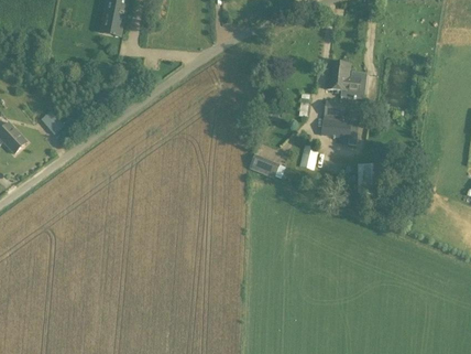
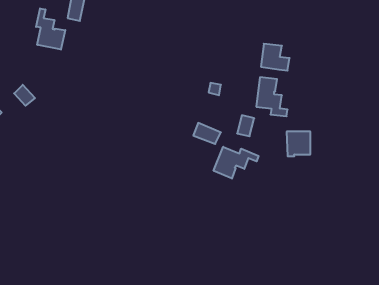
building: none -> [36,8,65,50]
building: none -> [214,147,259,179]

